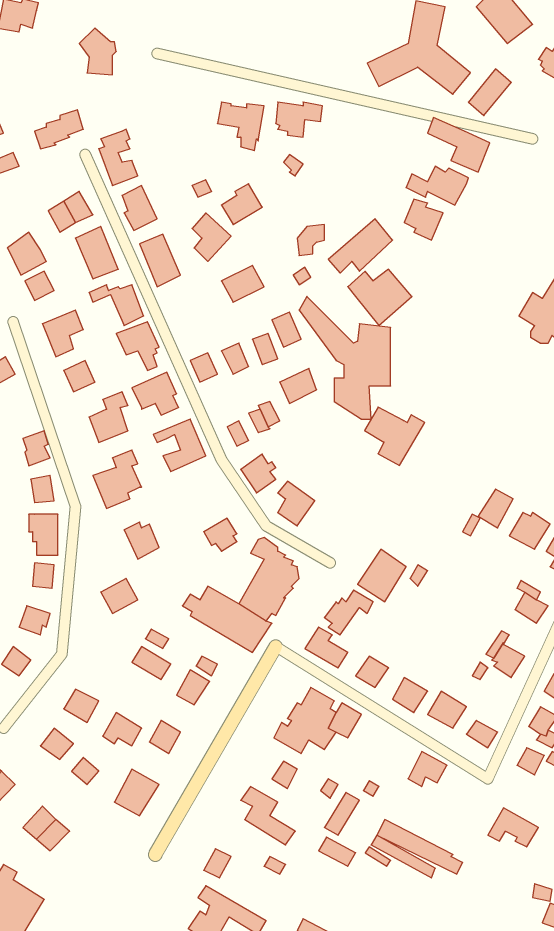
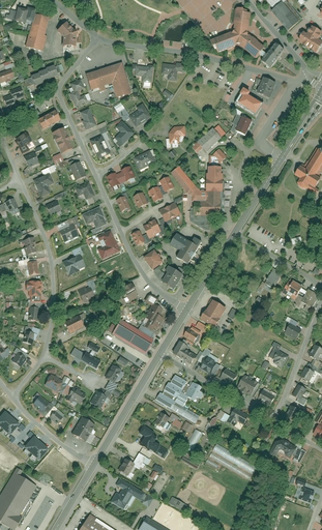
building: none -> [24,12,47,48]
building: none -> [81,59,130,99]
building: none -> [107,167,137,190]
building: [365,407,425,465] -> [166,233,198,264]

